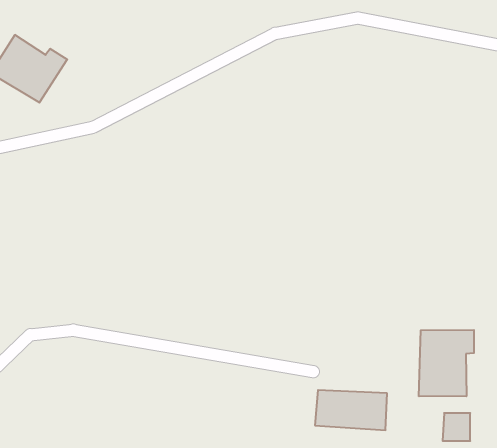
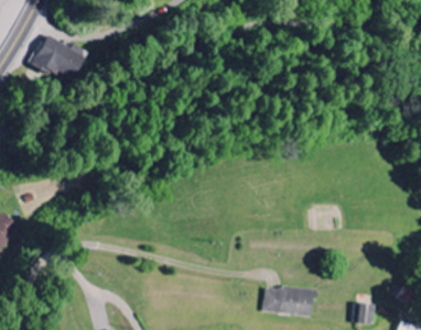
building: [419,330,474,396] -> none

